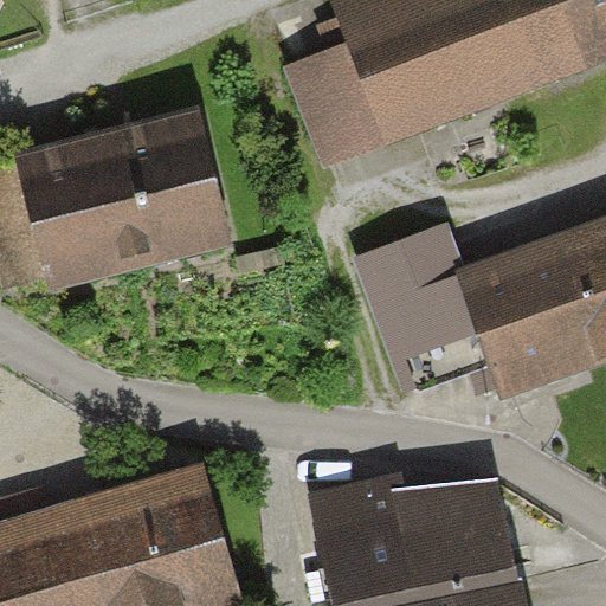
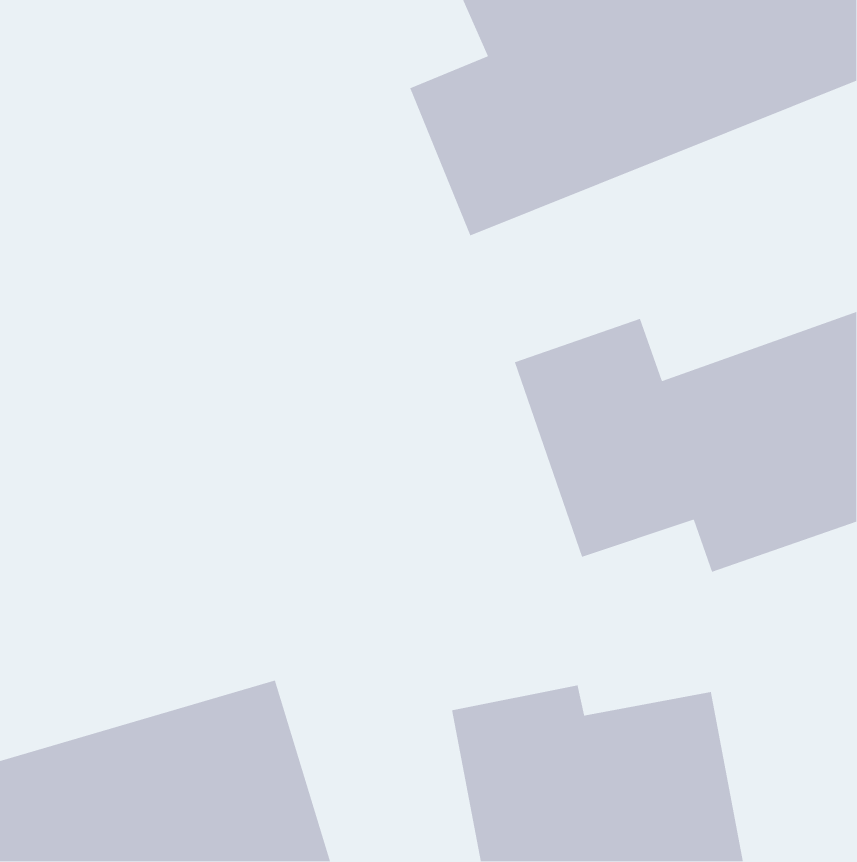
building: [18,116,228,288] -> none

